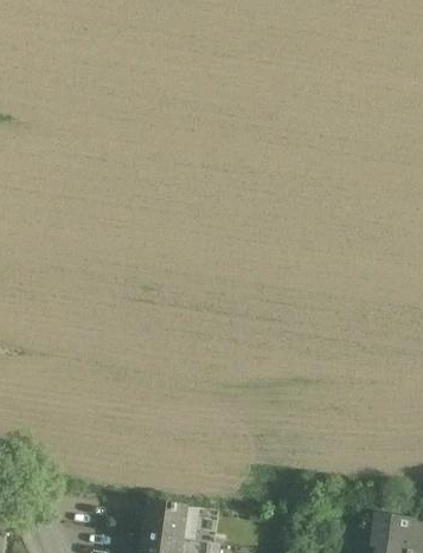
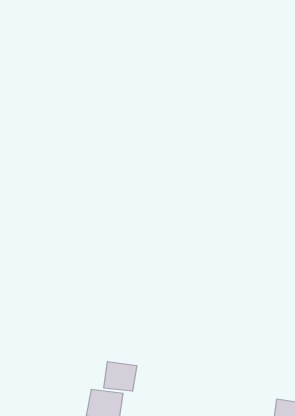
building: none -> [104,361,137,391]

